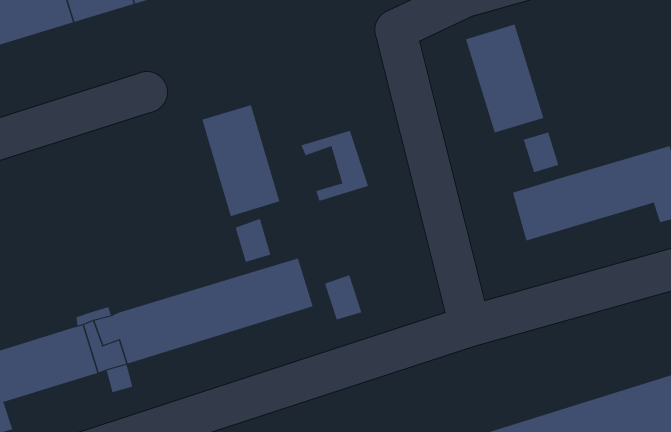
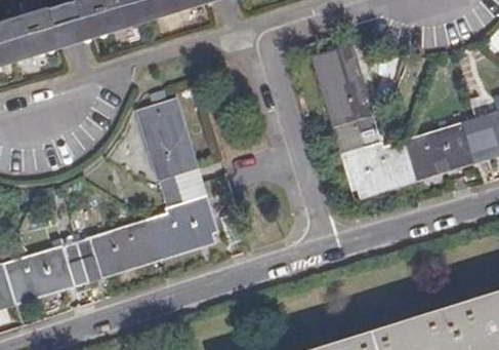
building: none -> [337,111,383,161]
building: [300,130,369,201] -> [159,167,205,216]

